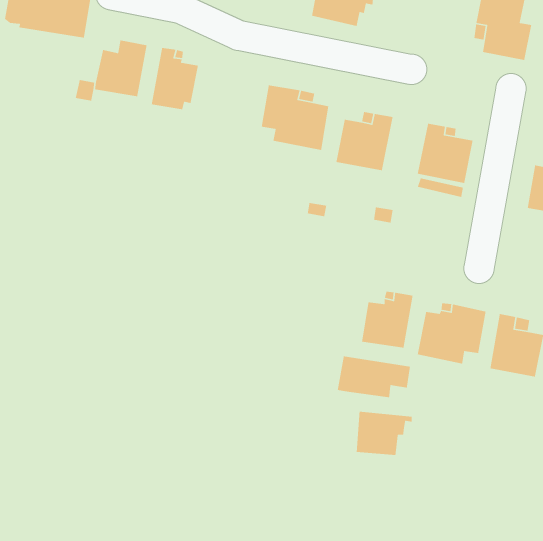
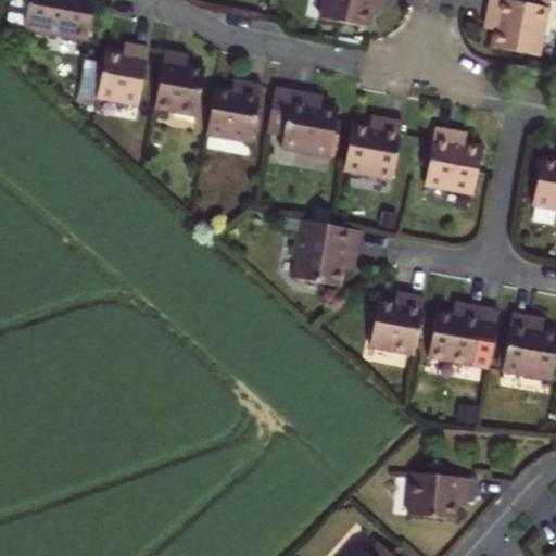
building: none -> [207,77,265,141]
building: none -> [301,228,357,279]
building: [337,356,411,398] -> none
building: [356,411,412,456] -> [407,479,465,525]

